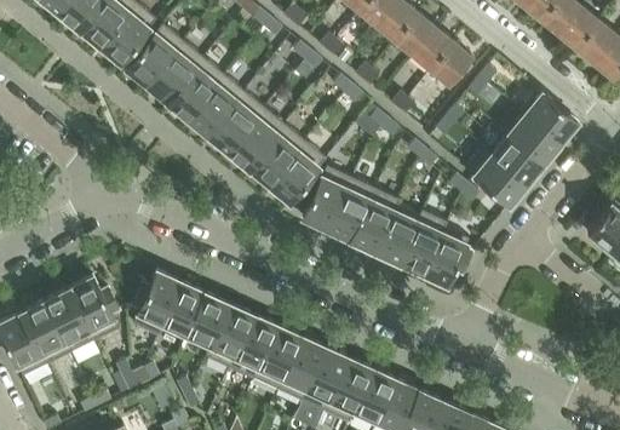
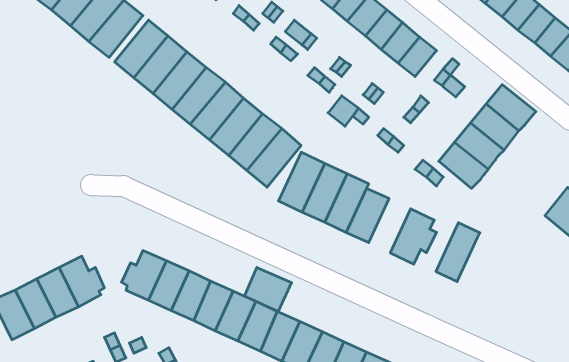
building: [398,212,446,275] -> [436,223,480,282]
building: none -> [245,267,292,312]

